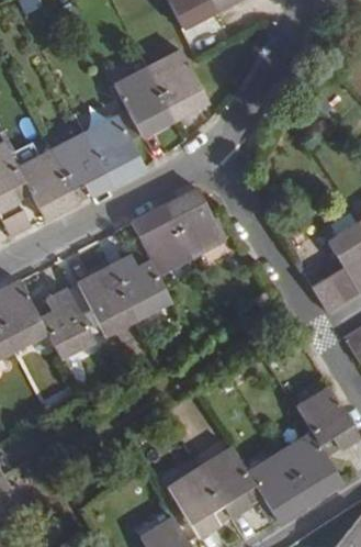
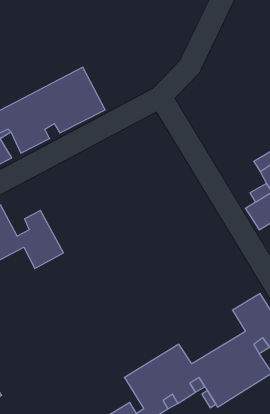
building: [114,51,206,136] -> none
building: [77,187,225,335] -> none

